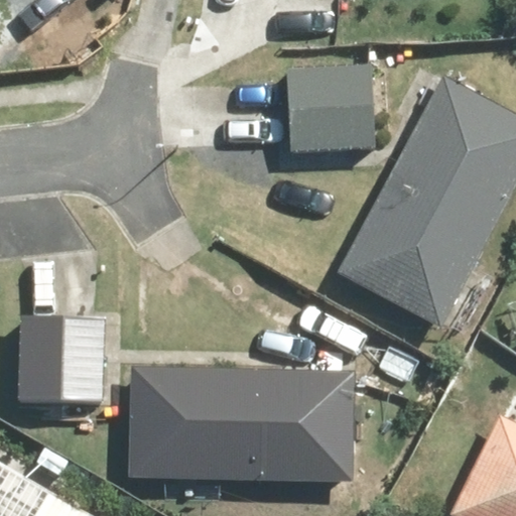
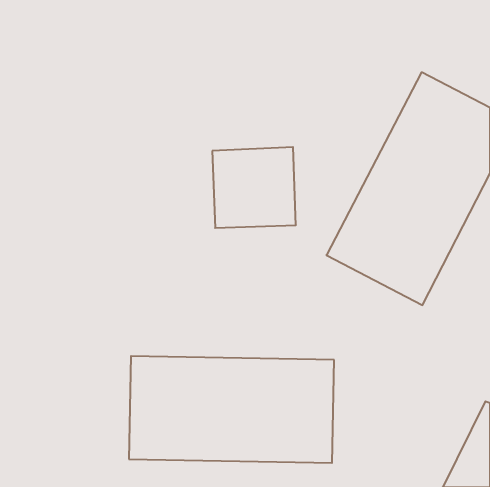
building: [285,61,373,146] -> [212,147,296,228]
building: [22,305,109,397] -> none

